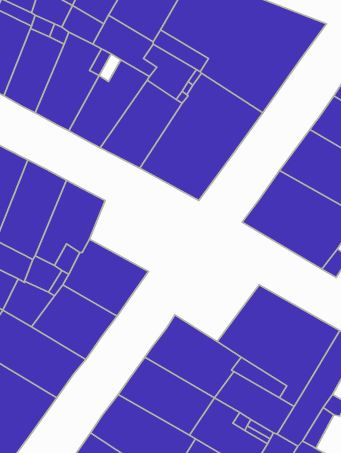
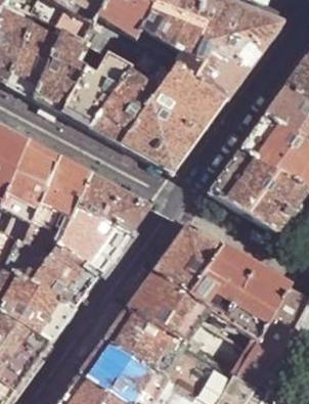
building: none -> [80,174,151,234]
building: none -> [152,223,224,294]

